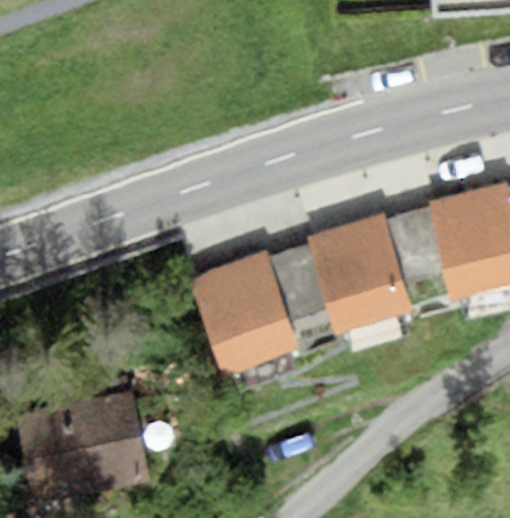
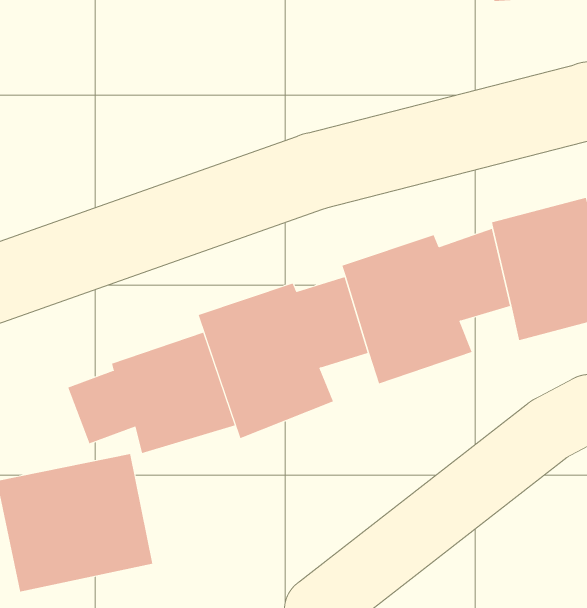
building: none -> [67,332,236,454]

